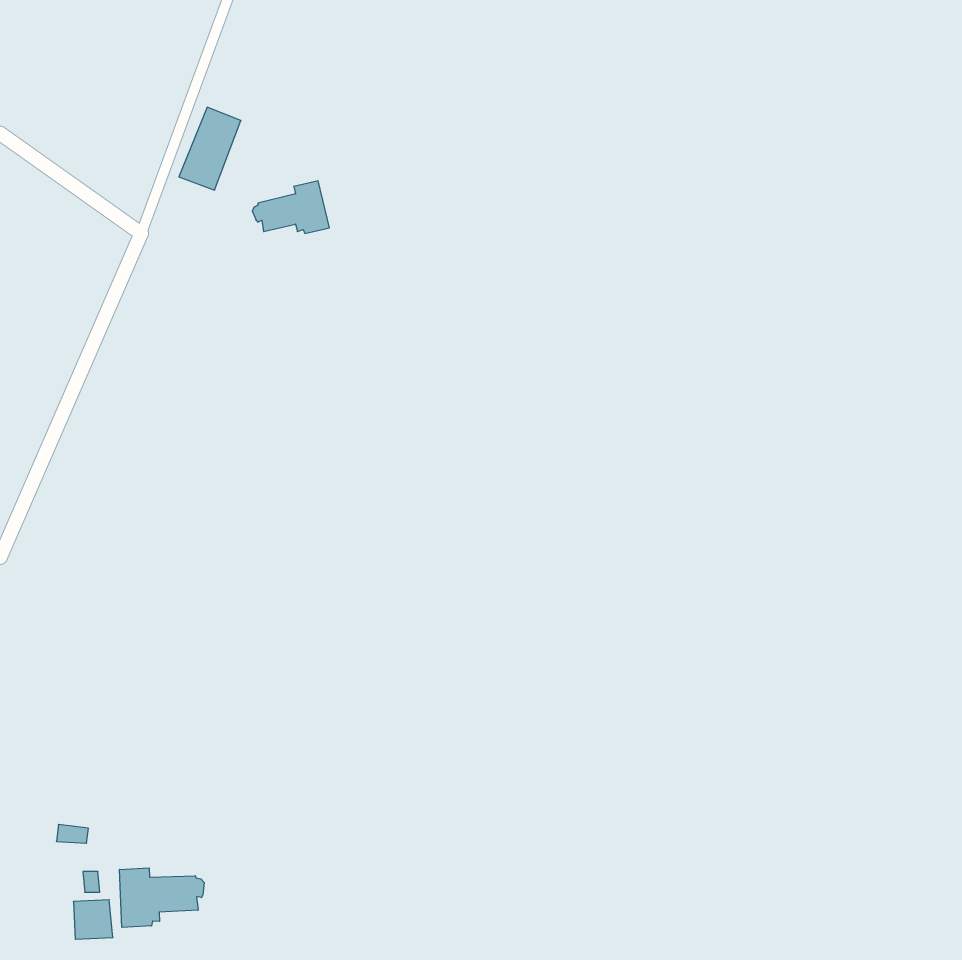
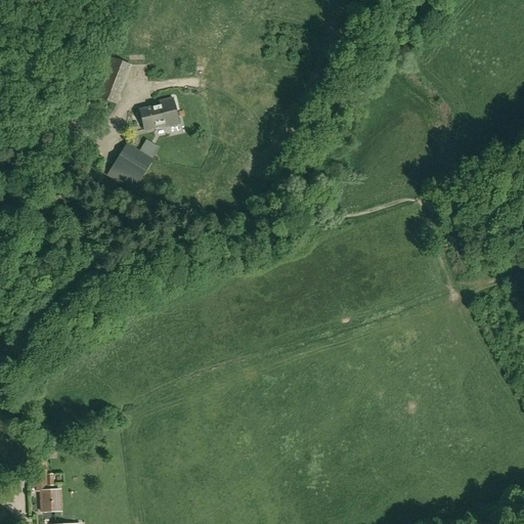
building: none -> [110,142,152,185]
building: [120,868,204,927] -> none

